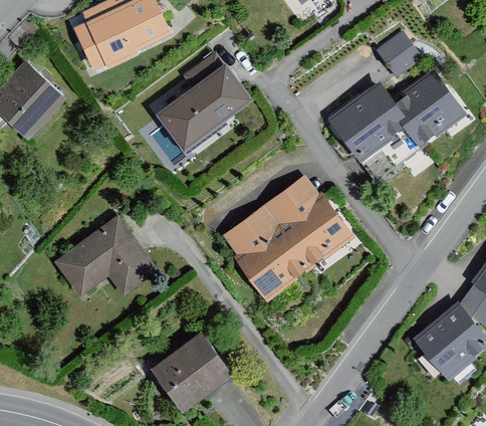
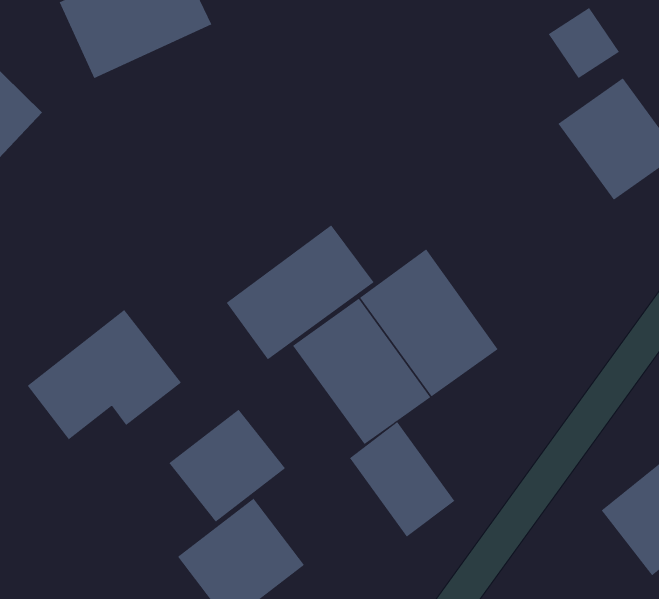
building: [163,59,256,145] -> [226,224,375,360]
building: [330,85,423,181] -> none
building: none -> [169,409,286,522]
building: none -> [349,421,455,537]

